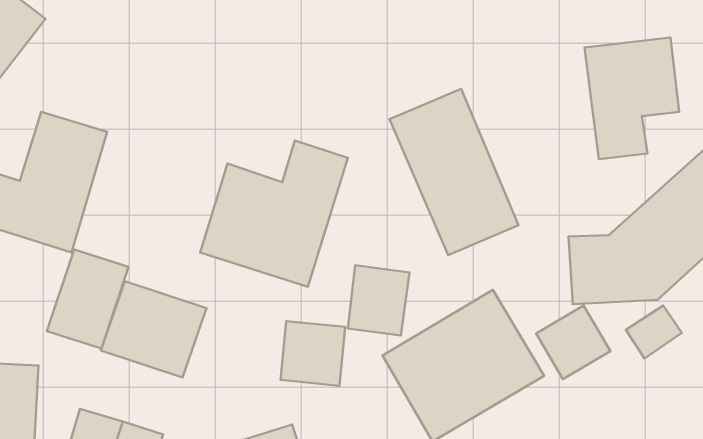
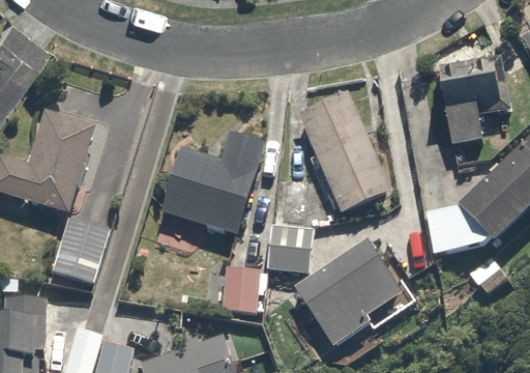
building: [101,281,206,378] -> none
building: [536,305,610,379] -> none

